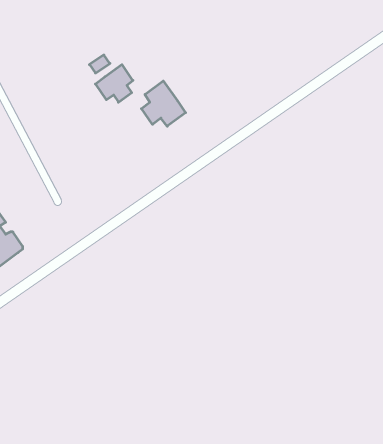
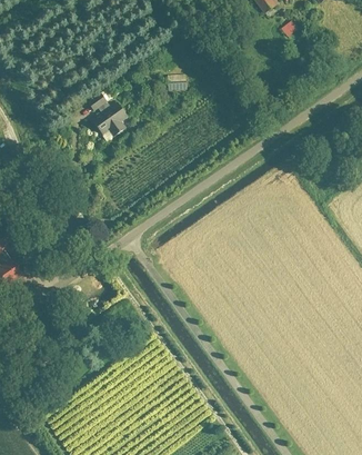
building: [141,81,186,126] -> none

